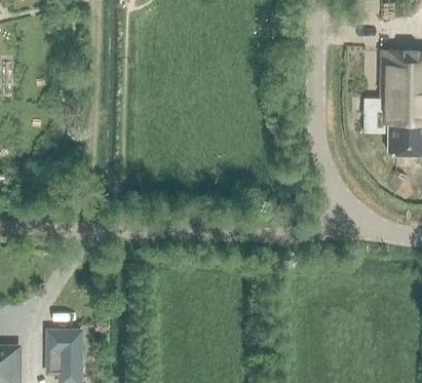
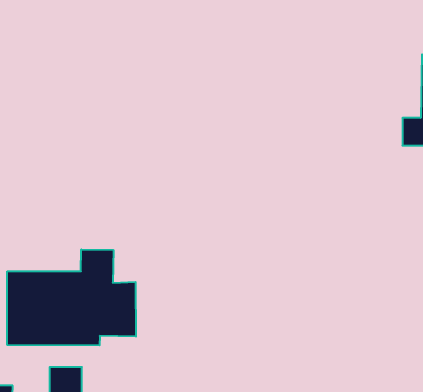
building: none -> [7,249,136,345]

